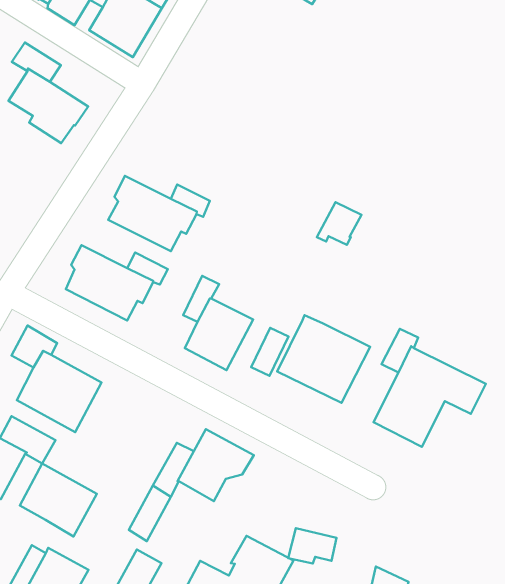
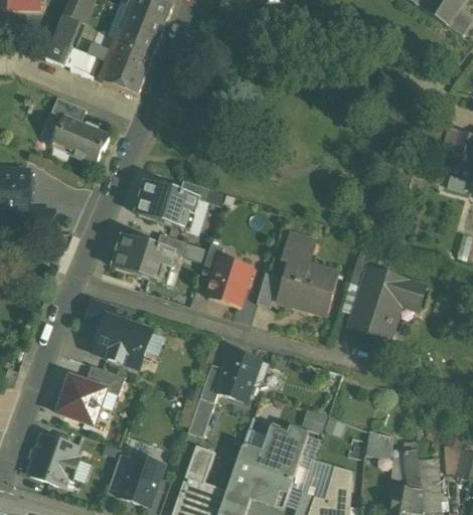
building: [317,202,362,245] -> [281,233,310,263]
building: [20,463,97,536] -> none

